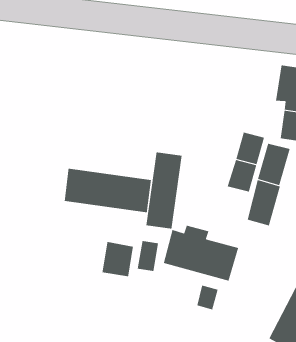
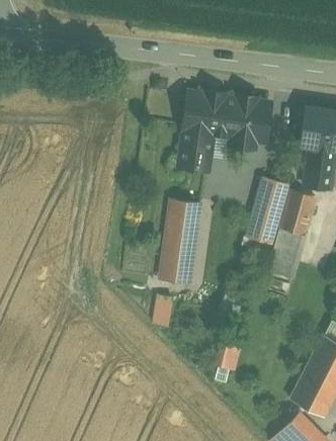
building: none -> [177,92,268,171]
building: [64,168,151,213] -> none
building: [163,225,239,281] -> none
building: [102,241,133,277] -> none

